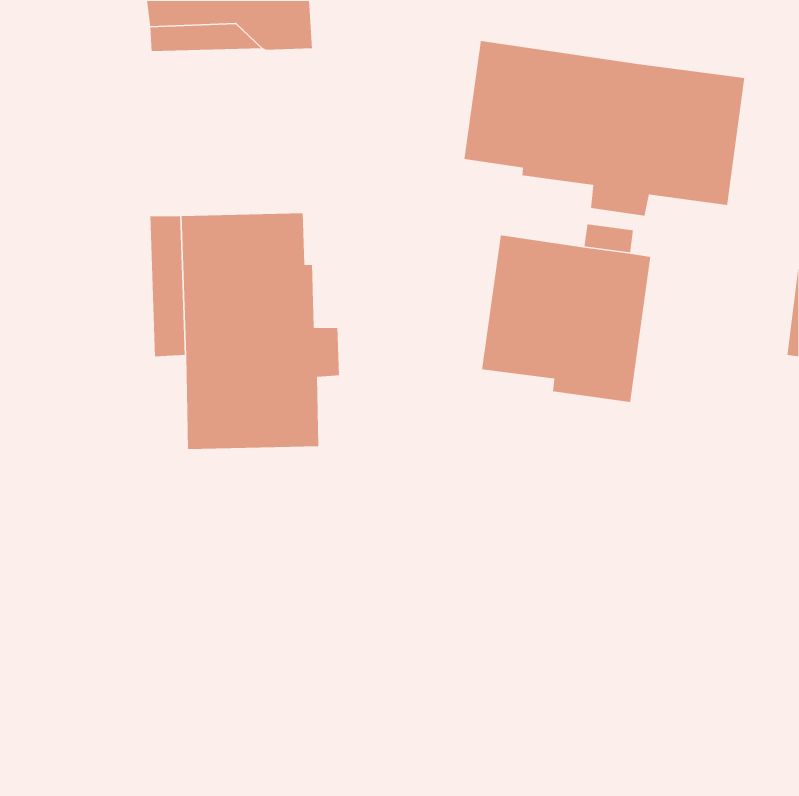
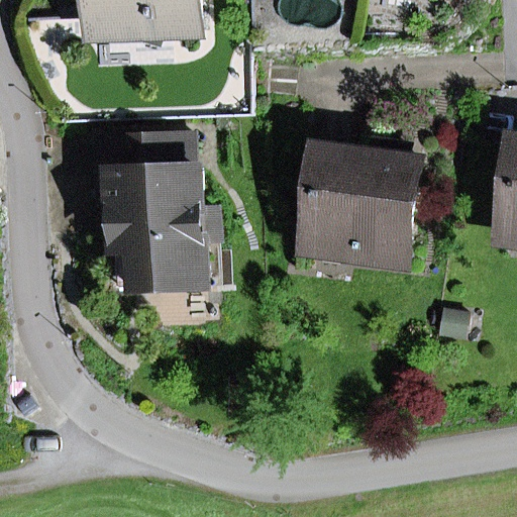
building: [464,40,745,217] -> none

